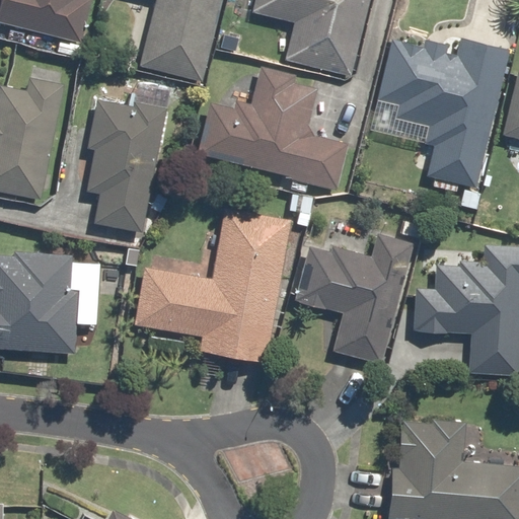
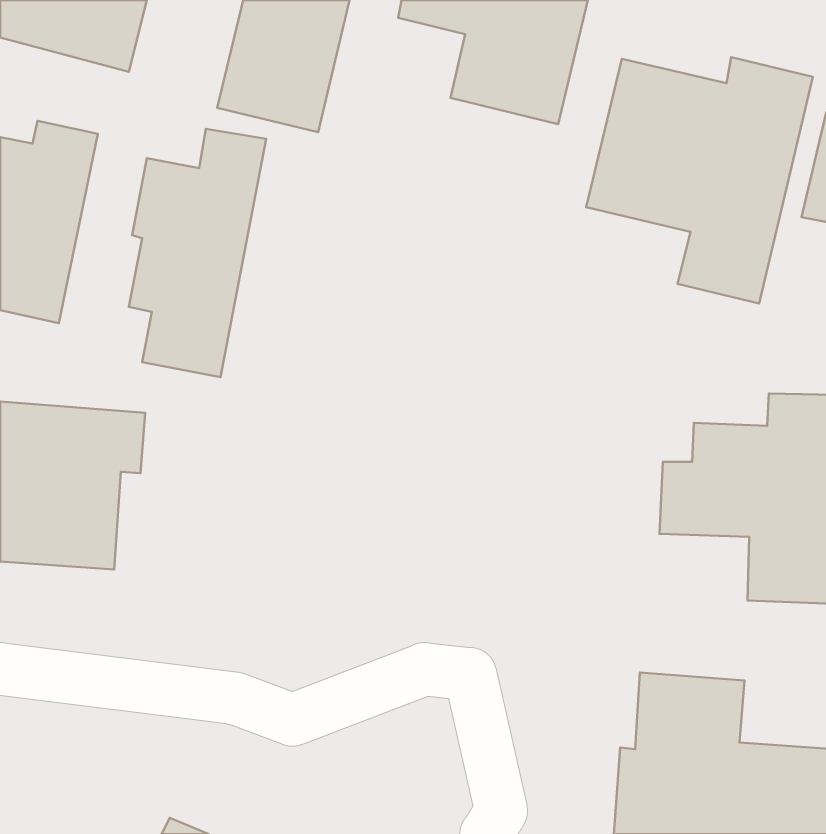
building: [195,65,351,191] -> none
building: [135,206,292,362] -> none
building: [293,231,416,364] -> none

